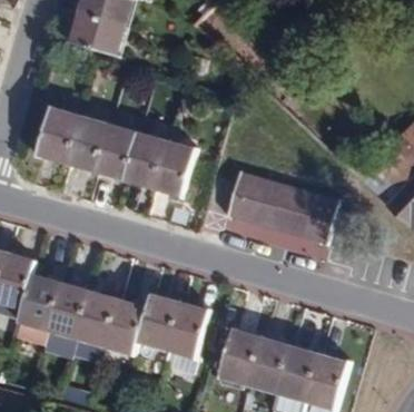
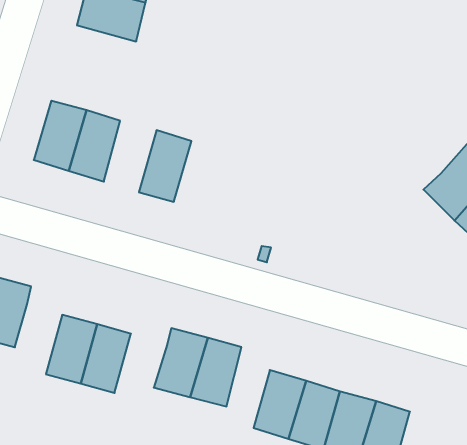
building: [96,124,139,183] -> none
building: [154,140,197,199] -> none
building: [227,173,338,244] -> none
building: [18,275,61,333] -> none
building: [105,300,148,356] -> none

